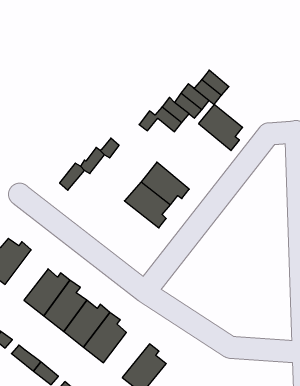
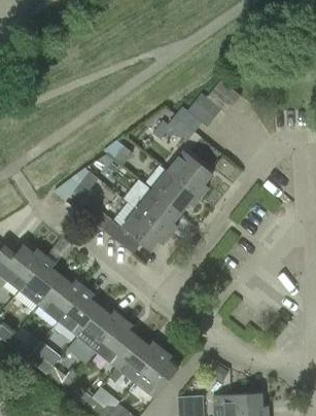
building: [199,105,243,151] -> [169,151,212,197]
building: none -> [104,208,171,253]
building: none -> [20,256,62,306]
building: none -> [110,338,162,382]

